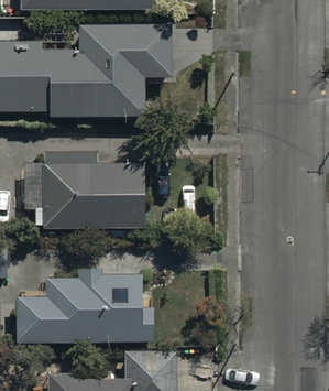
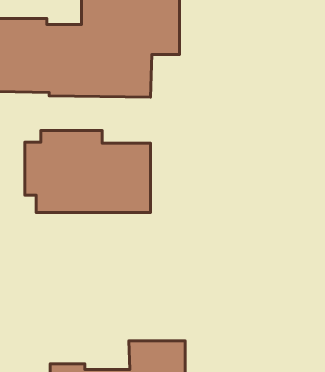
building: [18,268,153,341] -> none

